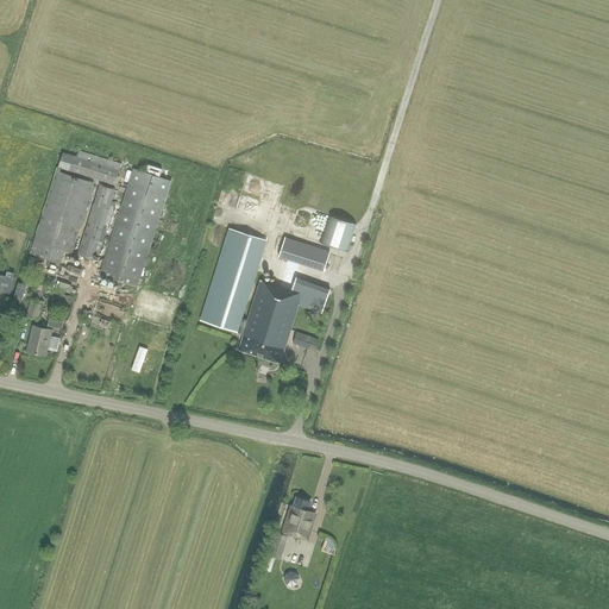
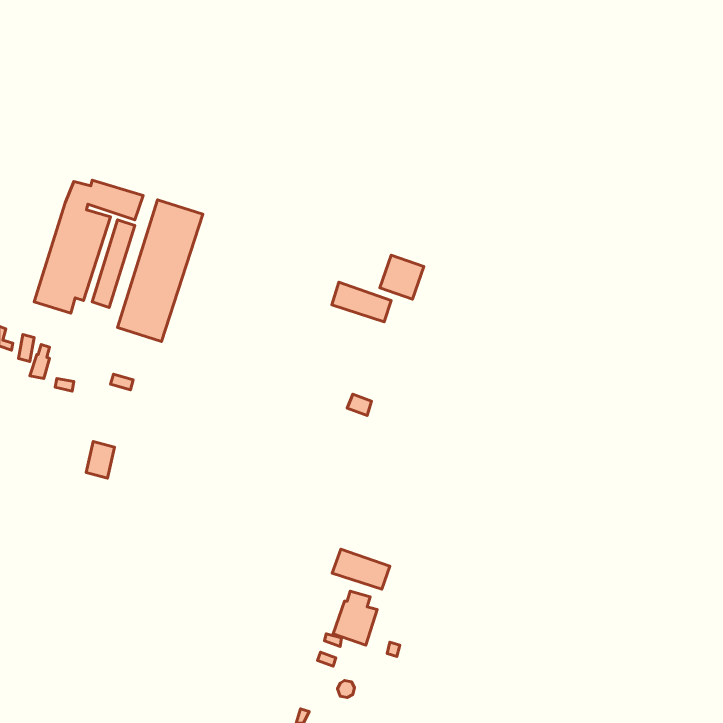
building: [200,227,329,362] -> none
building: [26,325,50,356] -> [86,441,114,478]
building: none -> [332,549,390,589]

